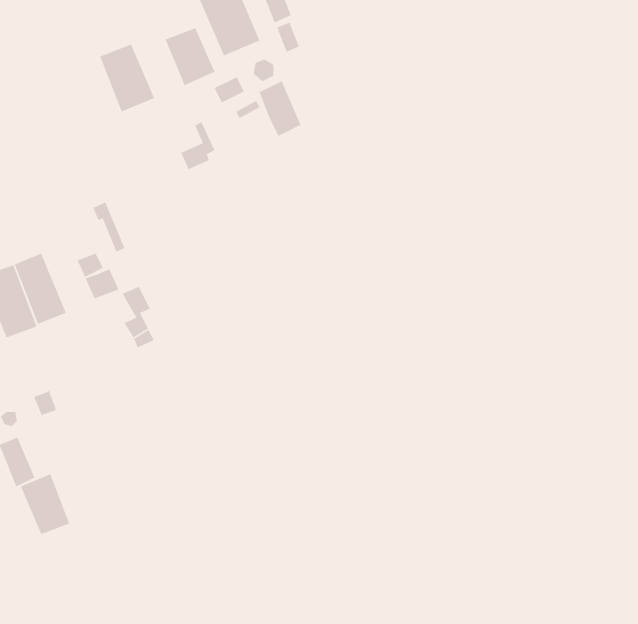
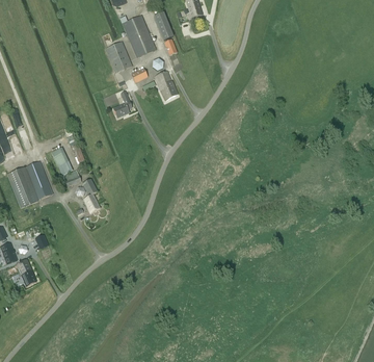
building: [99,43,155,113] -> none
building: [20,473,70,535] -> none

